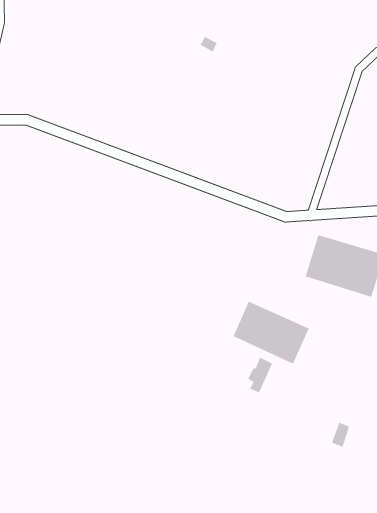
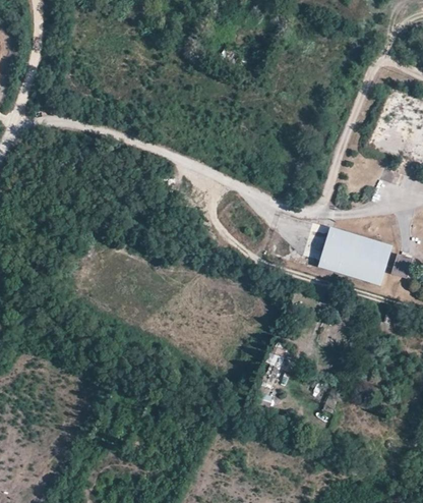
building: [233,301,309,364] -> none

